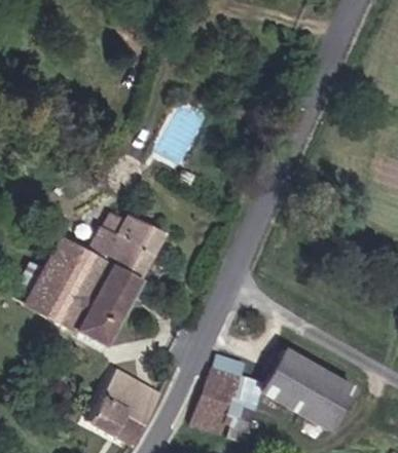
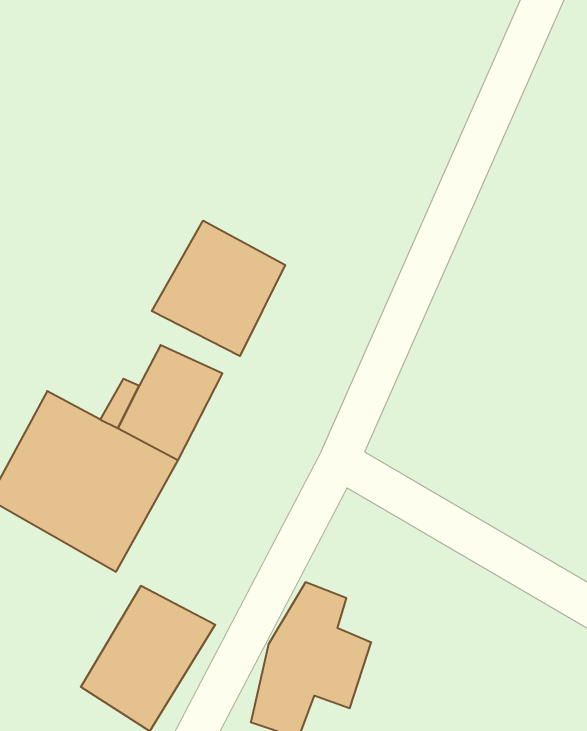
building: none -> [152,221,285,356]
building: [260,352,354,431] -> none

